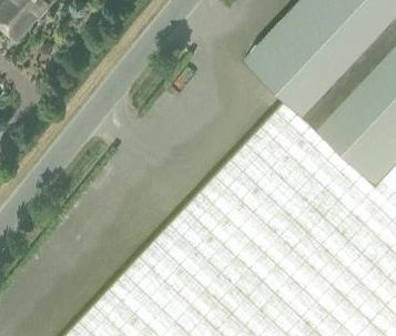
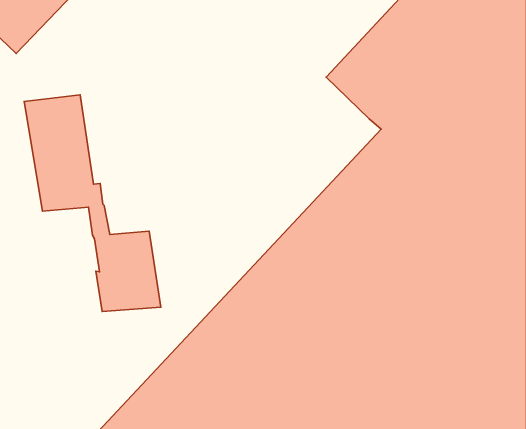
building: none -> [24,95,161,311]

